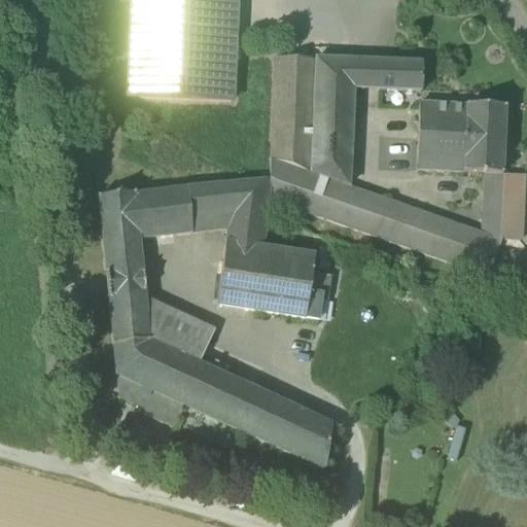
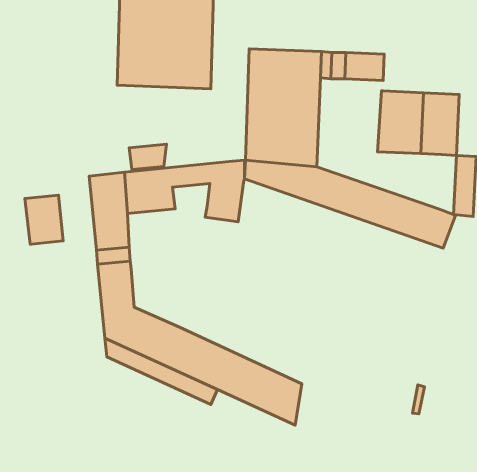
building: [484,170,503,236] -> none
building: [191,202,233,230] -> [129,144,167,169]
building: none -> [25,195,63,244]
building: [218,239,332,317] -> none
building: [146,295,214,359] -> none

